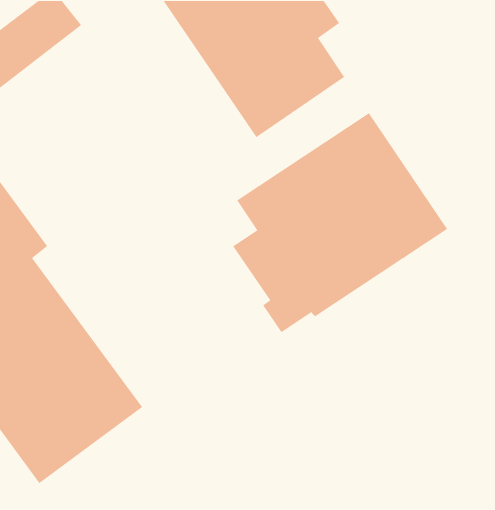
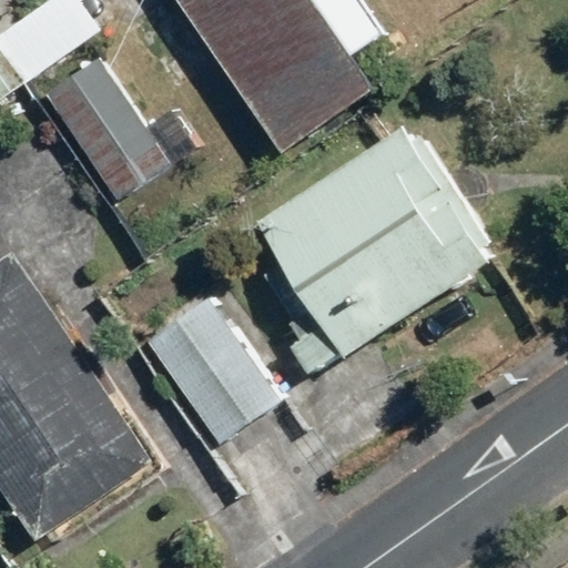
building: none -> [45,57,191,195]
building: none -> [143,293,274,440]

